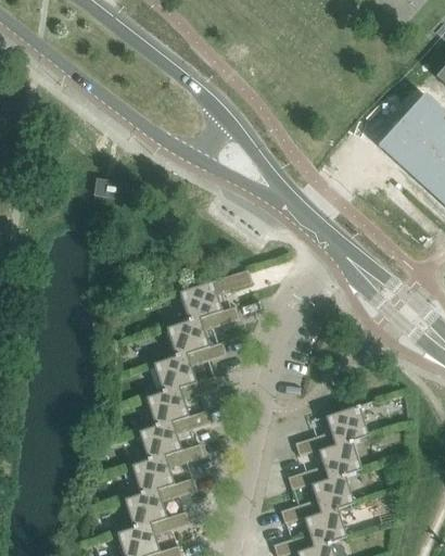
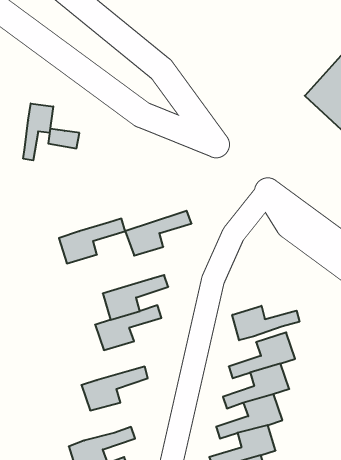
building: none -> [23,103,53,160]
building: [166,307,240,357] -> [59,219,125,263]
building: none -> [232,306,299,340]
building: [138,412,212,460] -> none
building: [124,479,198,528] -> none

